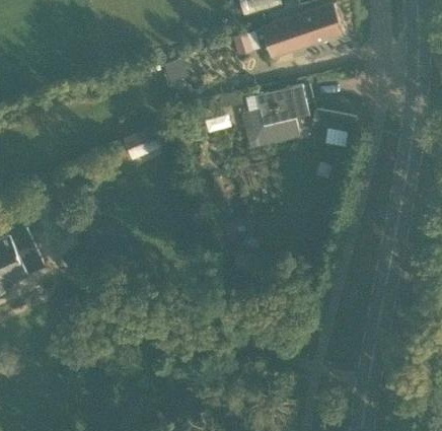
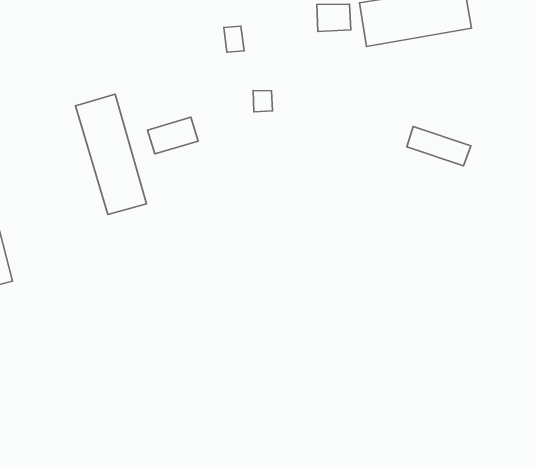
building: [247,85,308,141] -> none
building: none -> [76,94,146,215]

